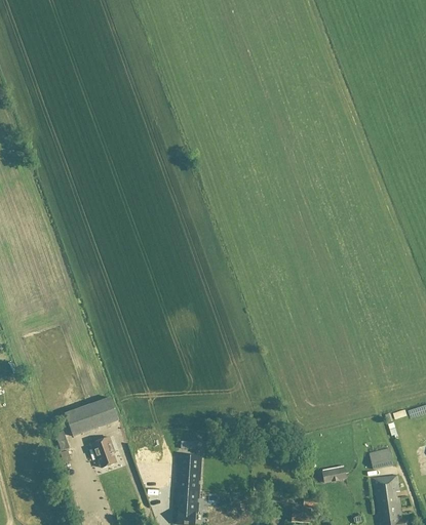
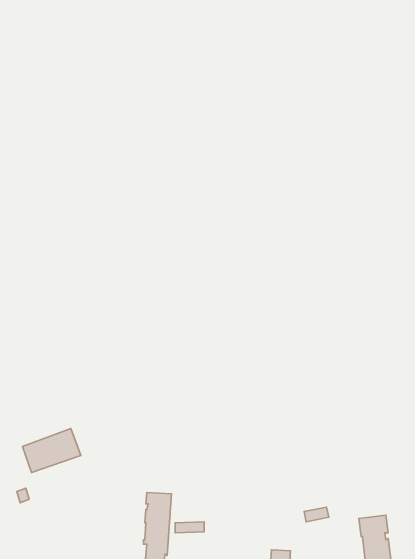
building: [91,436,117,466] -> none
building: [370,446,395,469] -> none

